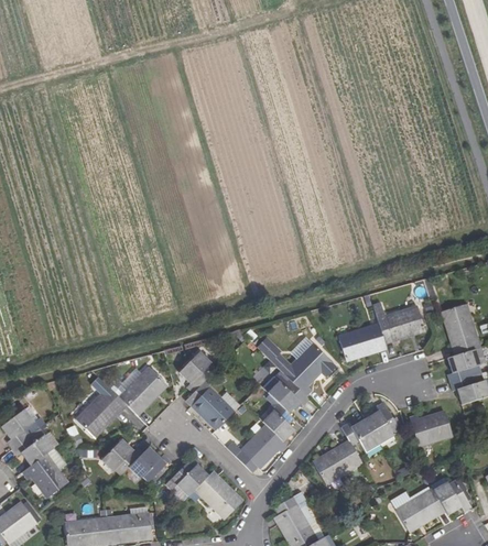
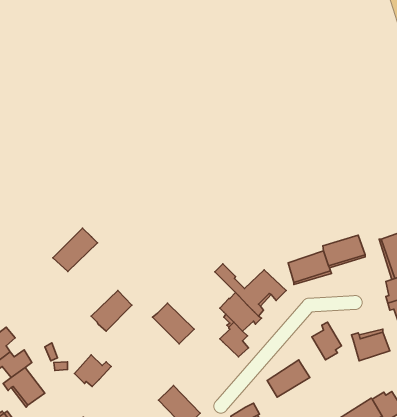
building: [180,351,215,393] -> none
building: [76,386,126,435] -> [53,228,97,272]
building: [340,419,380,454] -> none
building: [240,425,288,467] -> none
building: [128,446,169,482] -> none
building: [172,456,207,498] -> none

